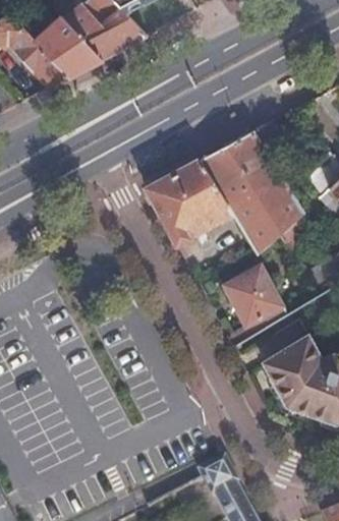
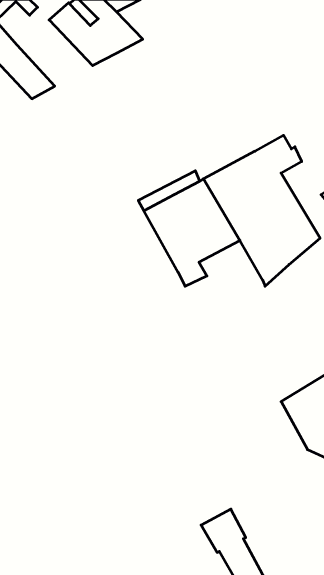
building: [35,17,102,78] -> none
building: [223,266,288,348] -> none

